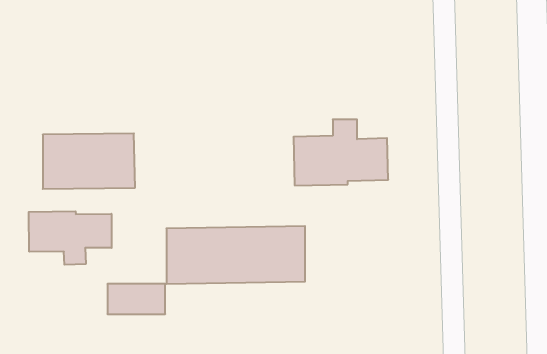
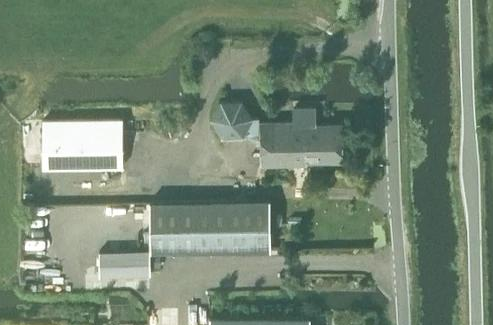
building: none -> [211,104,253,140]
building: [29,211,112,265] -> none

